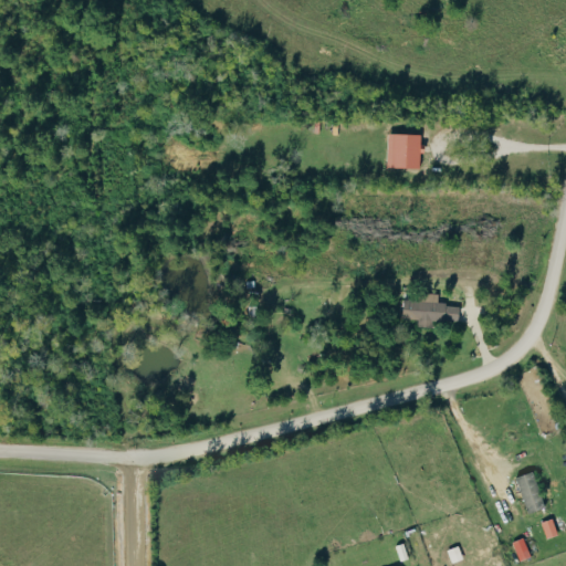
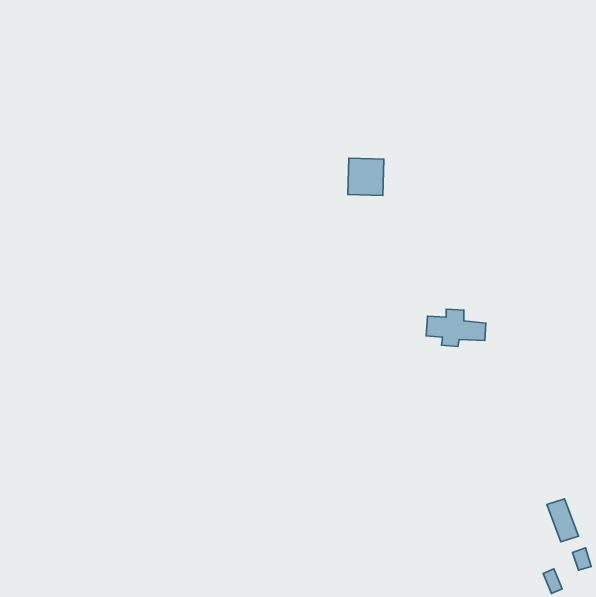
building: [387,135,421,170] -> [348,158,384,196]

